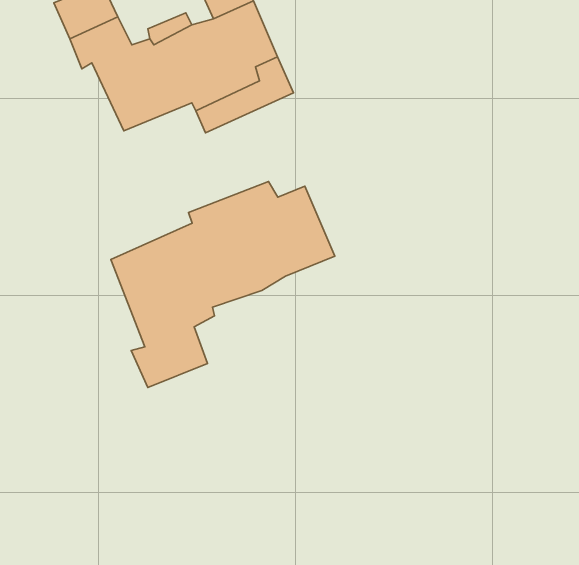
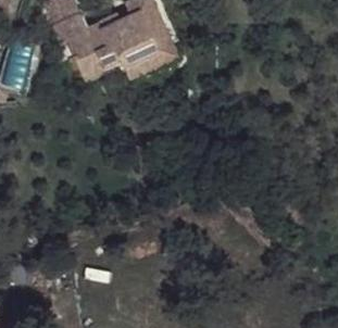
building: [111,181,335,387] -> none

